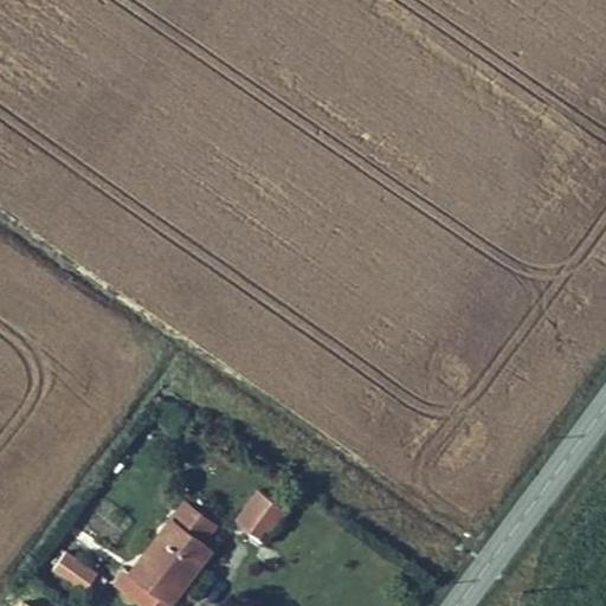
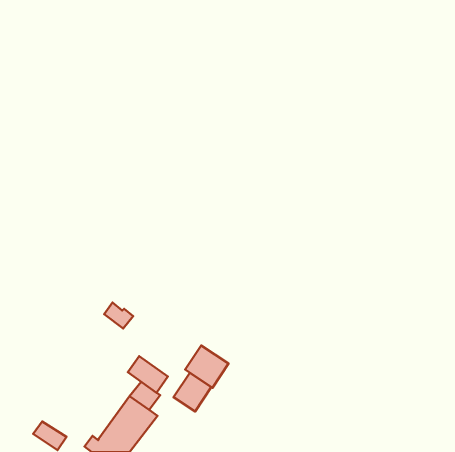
building: none -> [185,345,229,388]
building: none -> [128,356,168,393]

